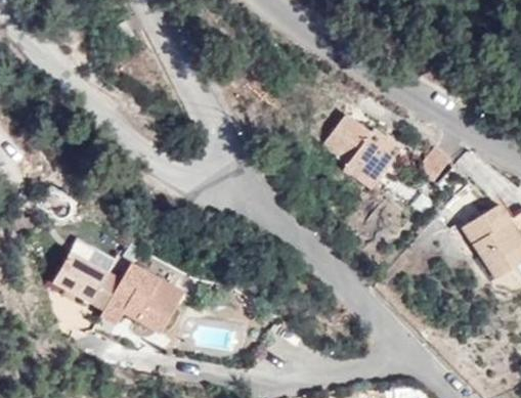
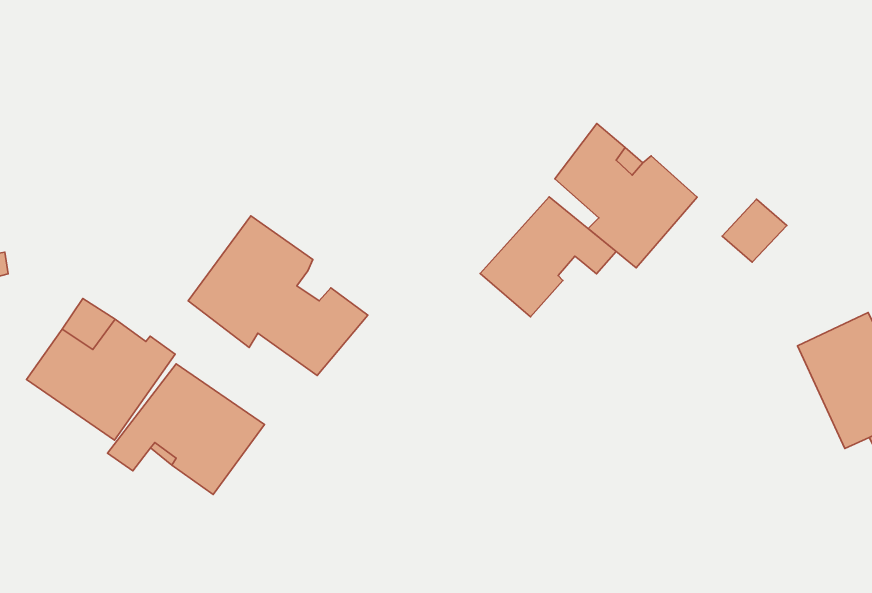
building: none -> [480,197,616,317]
building: none -> [188,216,368,376]

